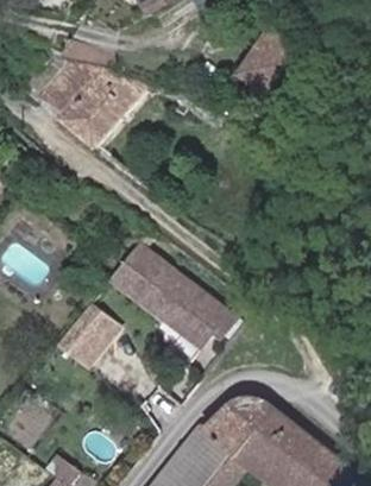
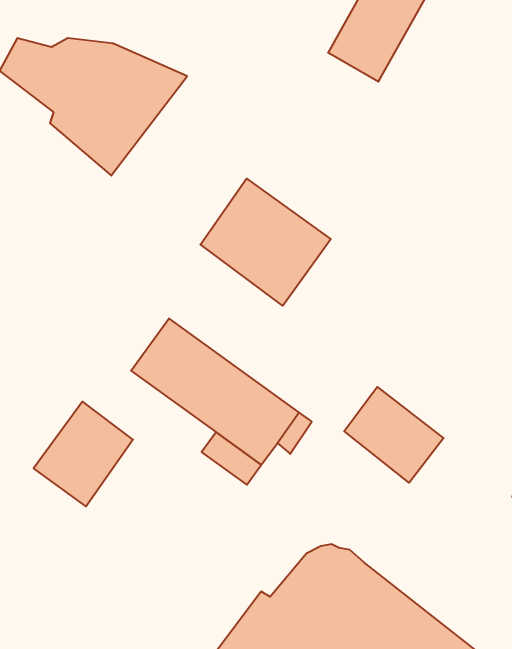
building: none -> [200,179,331,306]
building: none -> [344,387,444,483]

